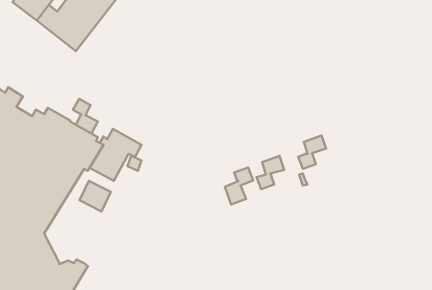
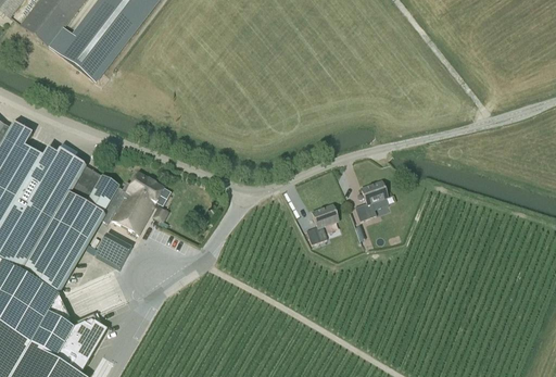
building: [73,99,98,133] -> none
building: [225,167,253,205] -> none

